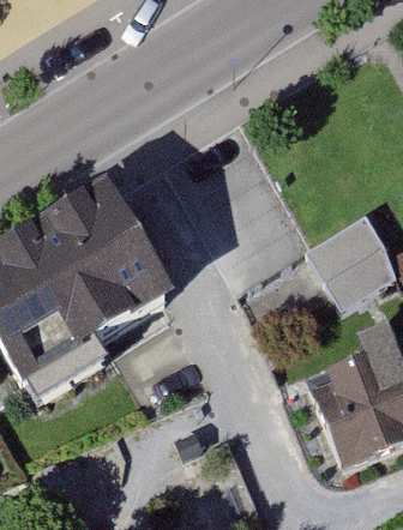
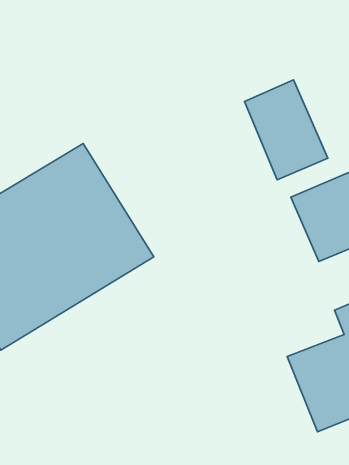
building: none -> [244,80,328,180]

